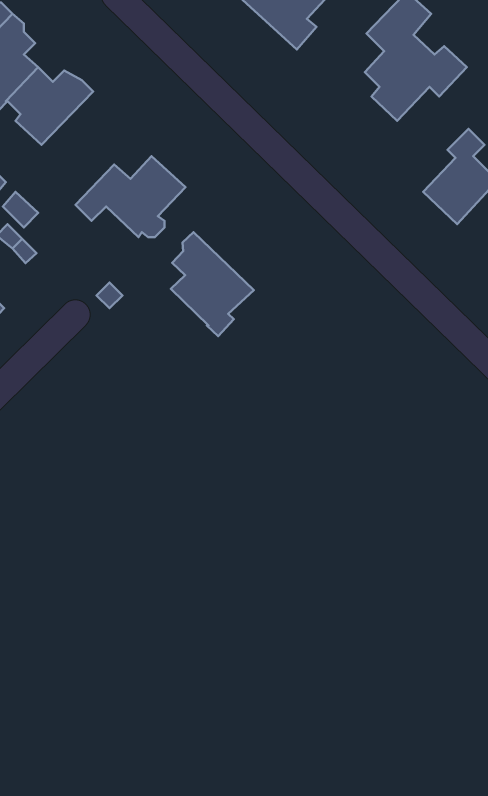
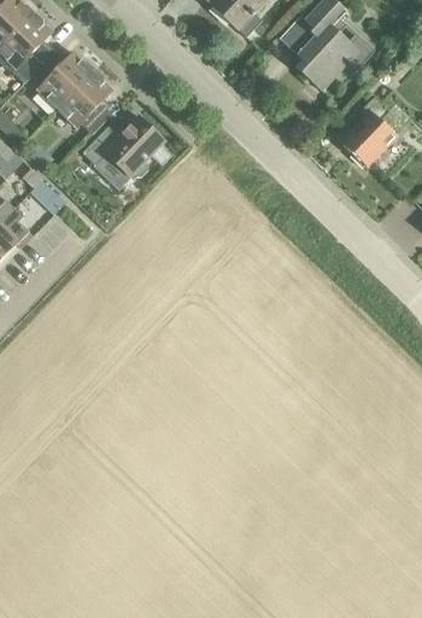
building: none -> [55,69,115,135]
building: [171,232,254,336] -> none

